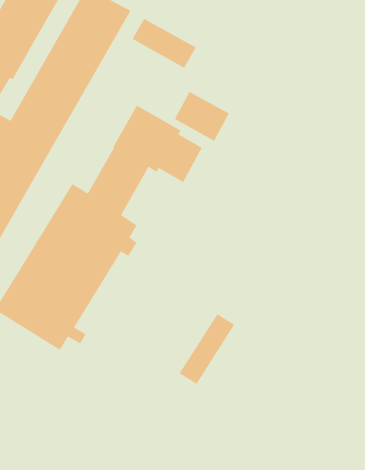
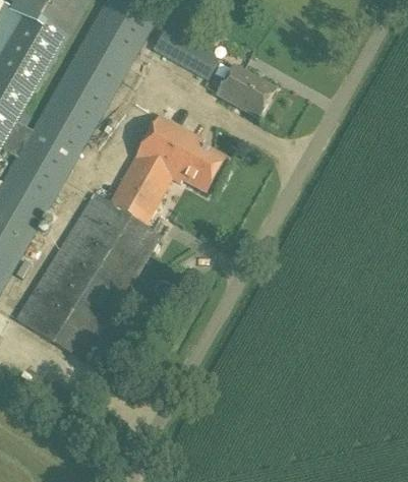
building: [174,91,230,142] -> [218,65,274,116]
building: [179,313,235,385] -> none

